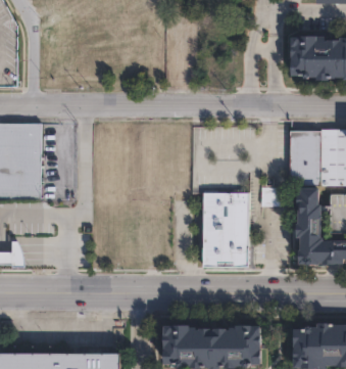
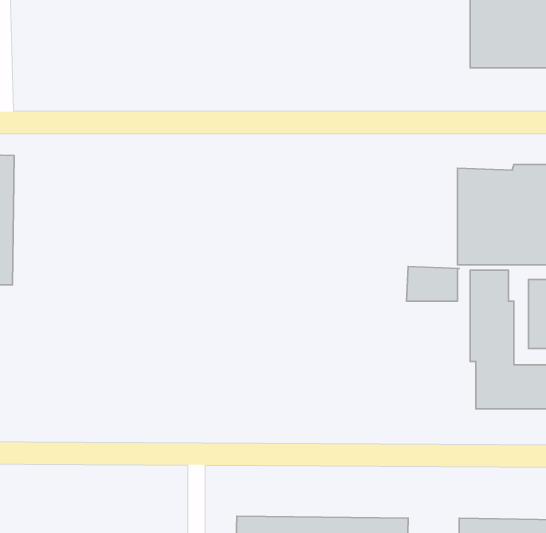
building: [201,192,248,265] -> none

